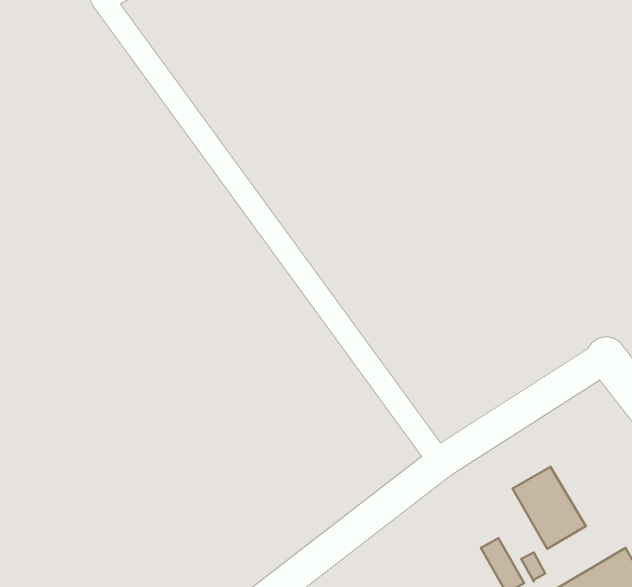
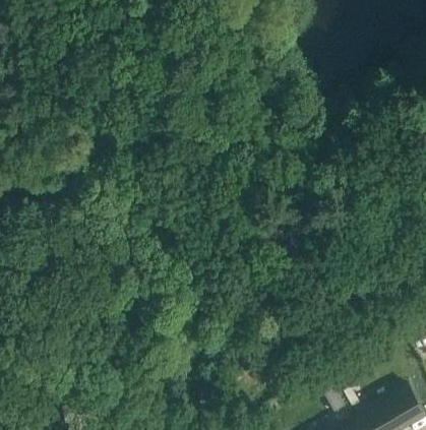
building: [512,467,586,549] -> none

